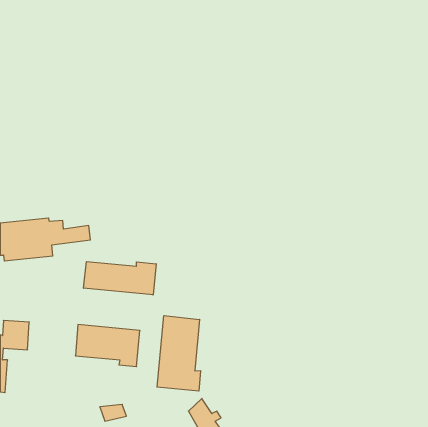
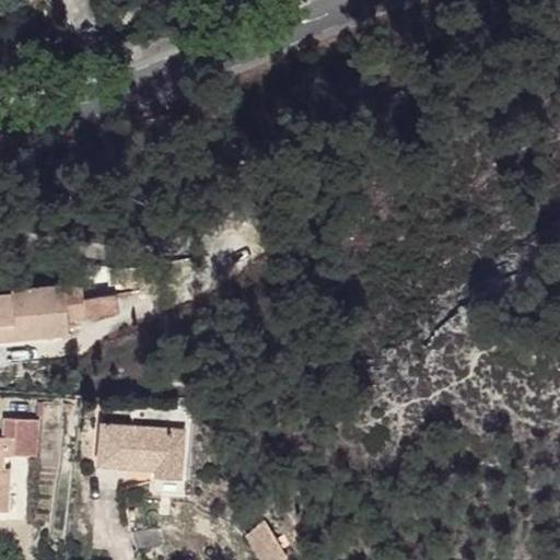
building: [84,262,156,295] -> none
building: [157,316,201,391] -> none

